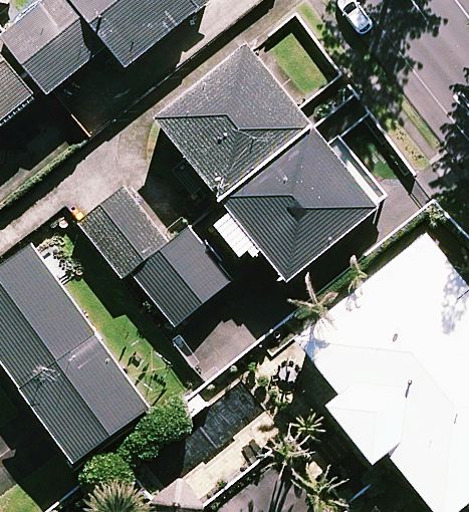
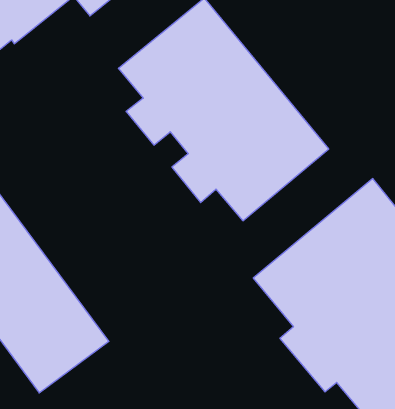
building: [76,188,229,325] -> none

